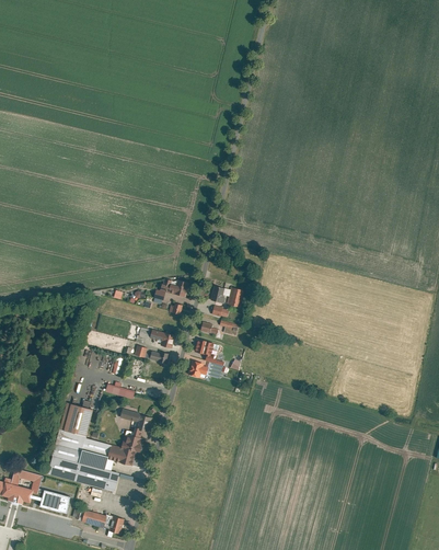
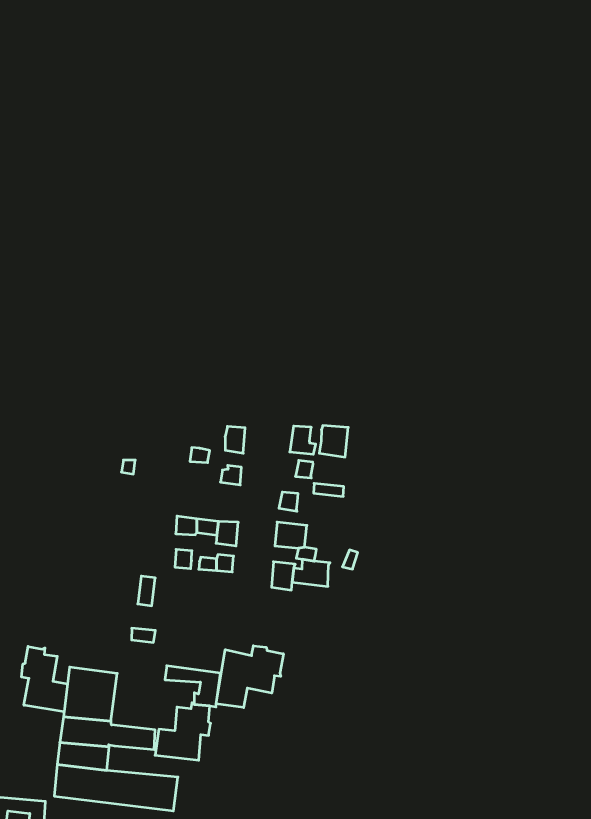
building: none -> [22,646,67,712]
building: none -> [216,646,283,708]

